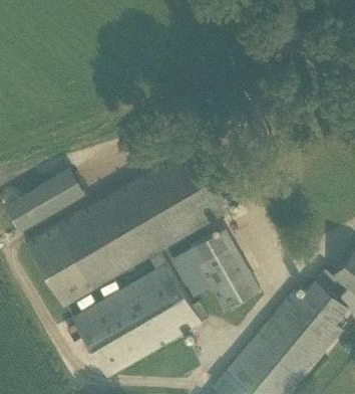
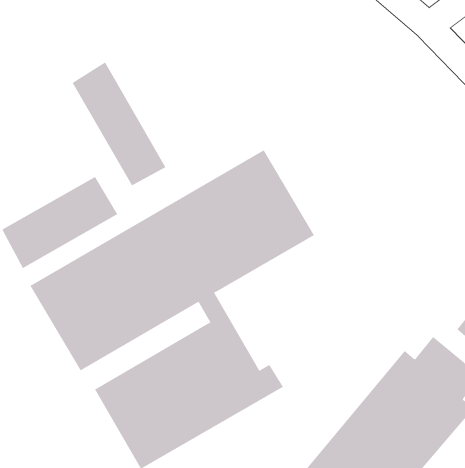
building: none -> [72,62,166,186]
building: [170,228,259,311] -> none

